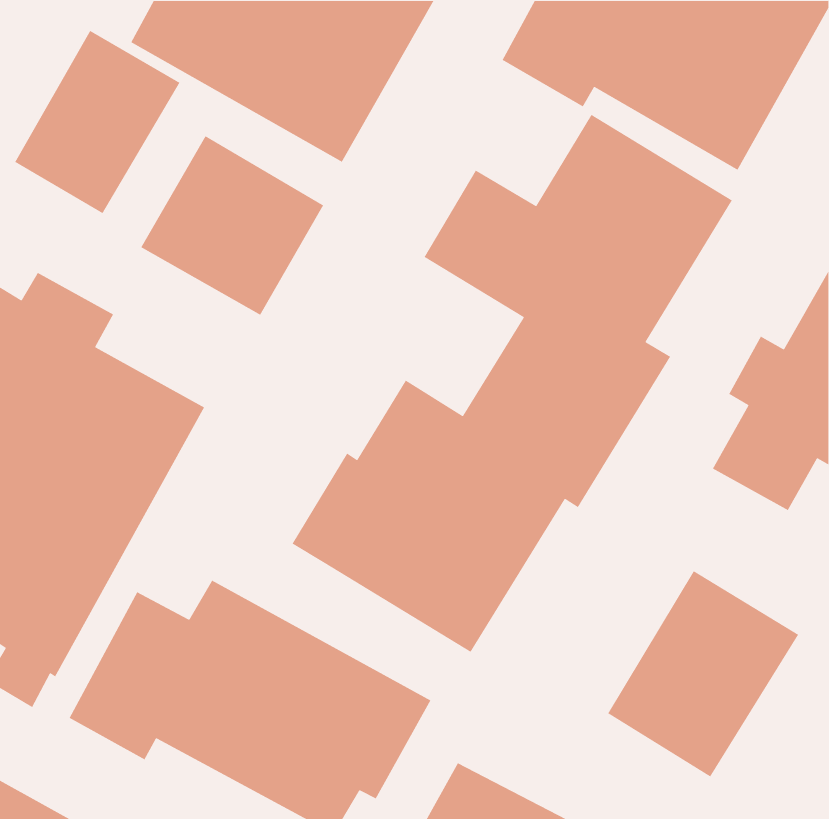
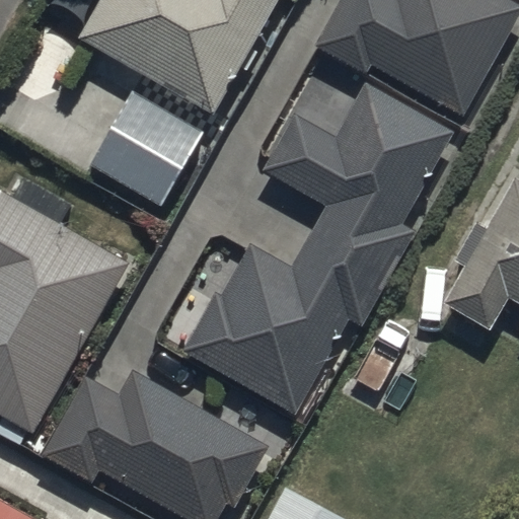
building: [14,30,181,214] -> none
building: [607,570,799,777] -> none

